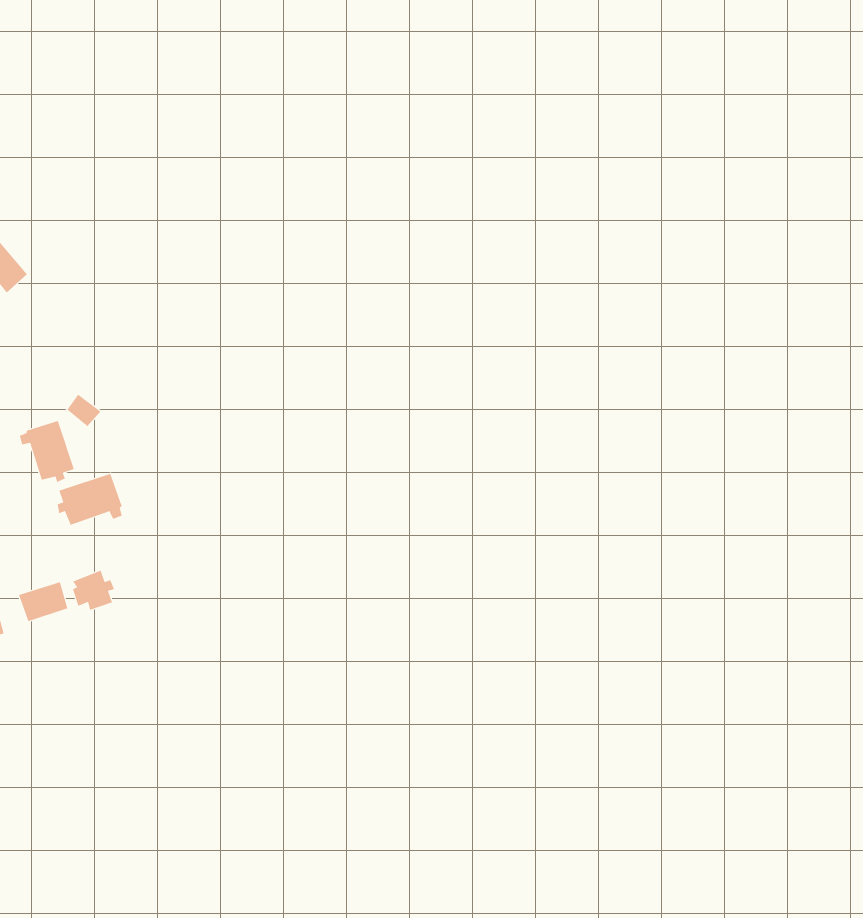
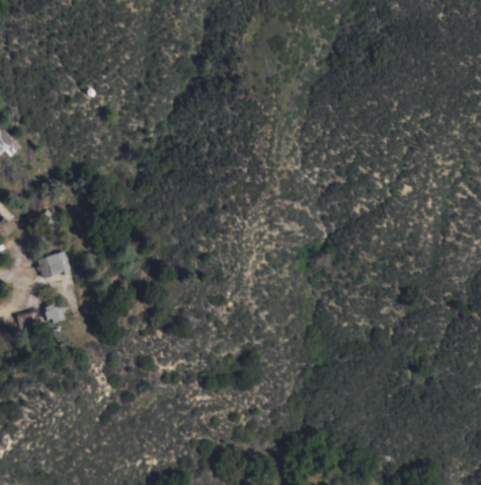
building: [19,420,75,483] -> none

